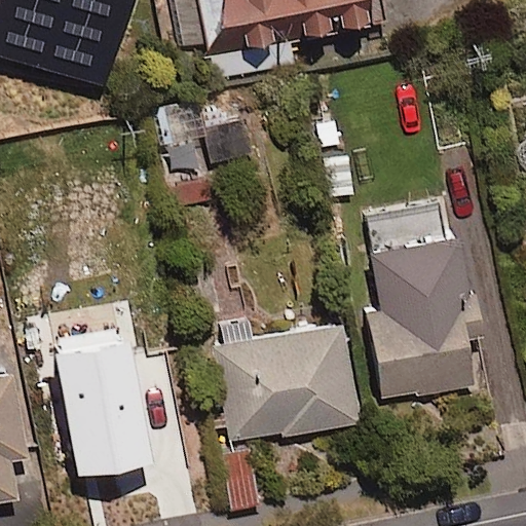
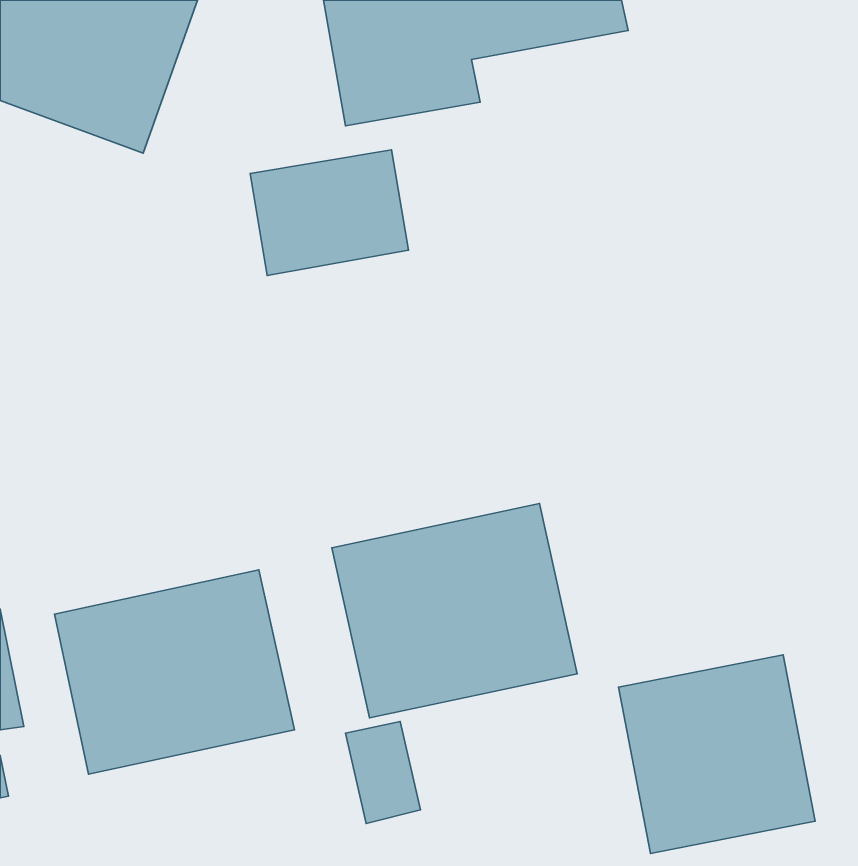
building: [365,218,483,390] -> none
building: none -> [619,655,815,854]

